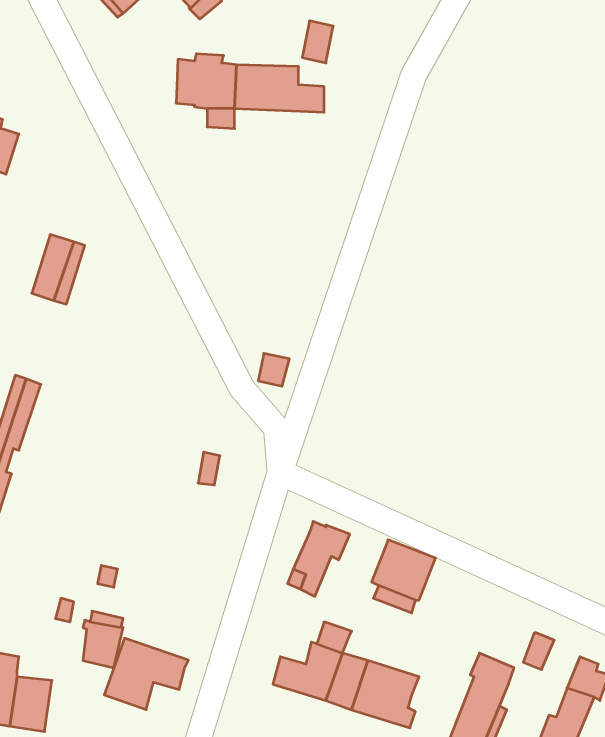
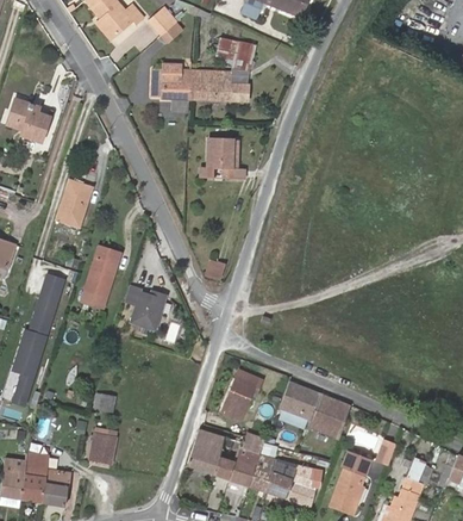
building: none -> [200,139,245,178]
building: none -> [82,247,120,309]
building: none -> [125,284,167,329]
building: none -> [307,392,350,439]
building: [104,638,188,710] -> [187,428,242,475]

